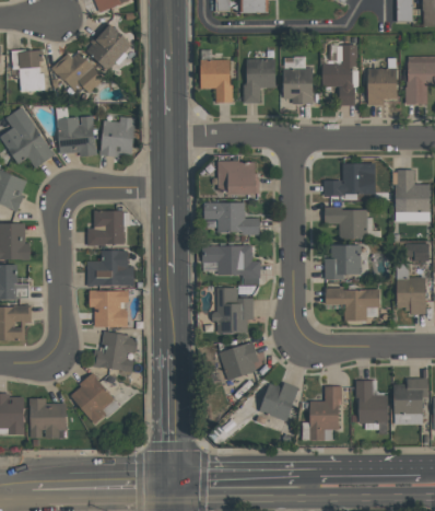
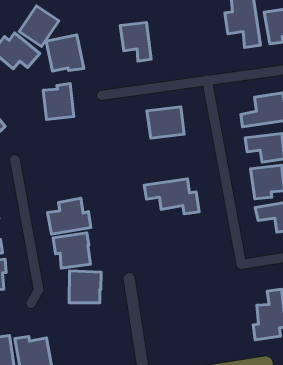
building: [283,57,314,105] -> none
building: [245,59,277,103] -> none
building: [58,116,96,155] -> [46,35,84,71]
building: [203,202,260,233] -> none
building: [89,210,125,245] -> none
building: [215,287,254,333] -> none
building: [216,341,260,381] -> none
building: [69,374,119,426] -> none
building: [255,382,299,432] -> none

